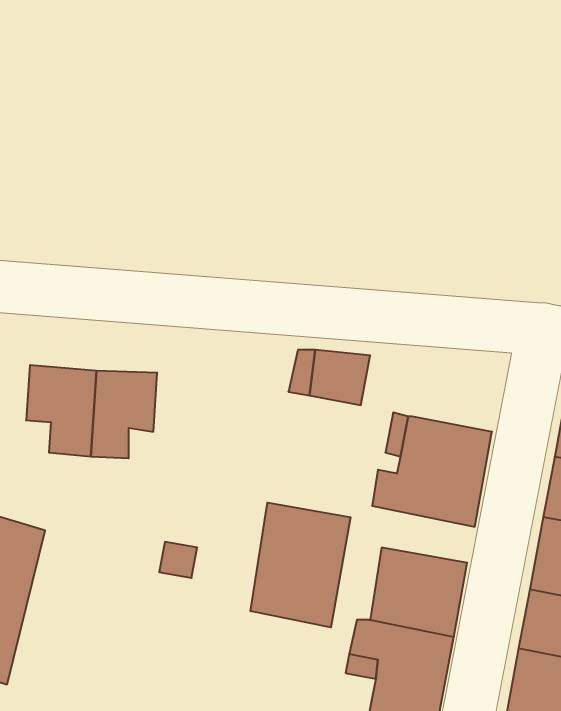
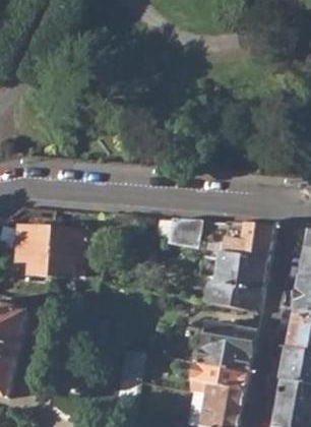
building: none -> [223,223,271,260]
building: [251,503,351,627] -> none

